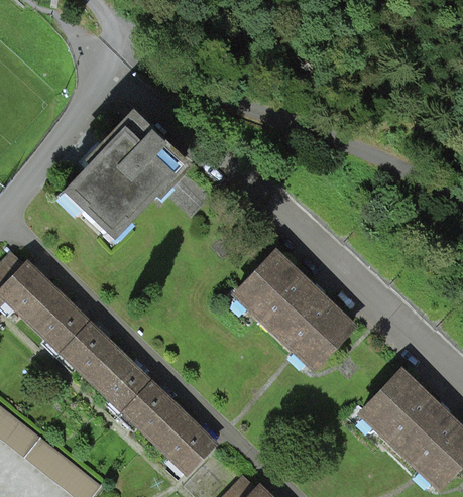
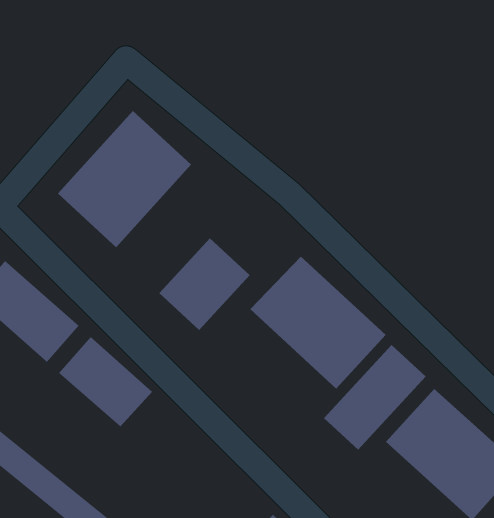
building: none -> [159,238,250,331]
building: none -> [323,344,426,451]
building: [122,382,220,476] -> none

